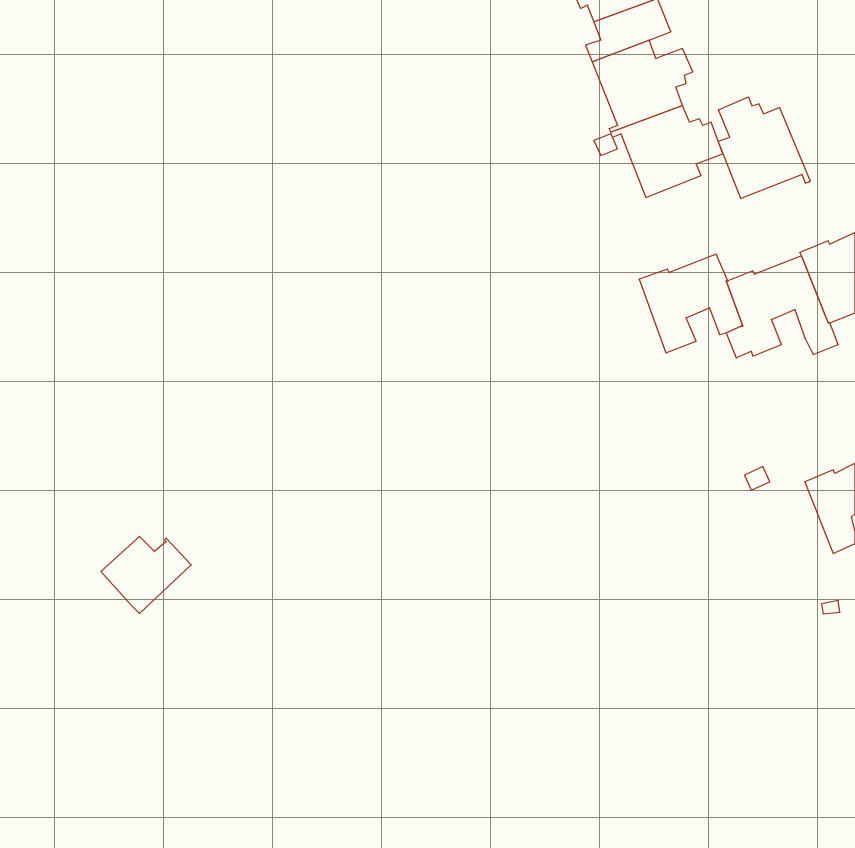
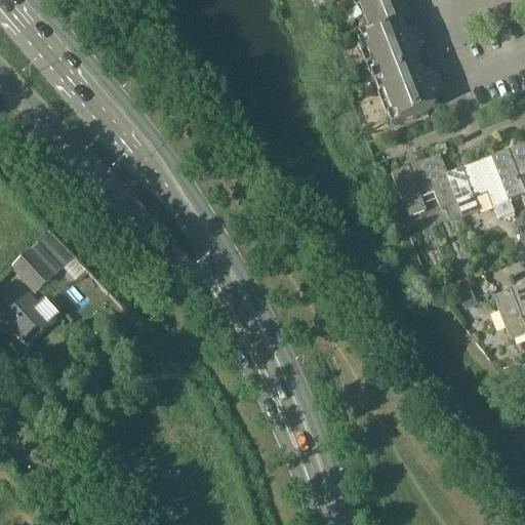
building: [718,97,810,199] -> none
building: none -> [11,238,66,292]
building: [101,536,191,613] -> [5,297,60,345]

